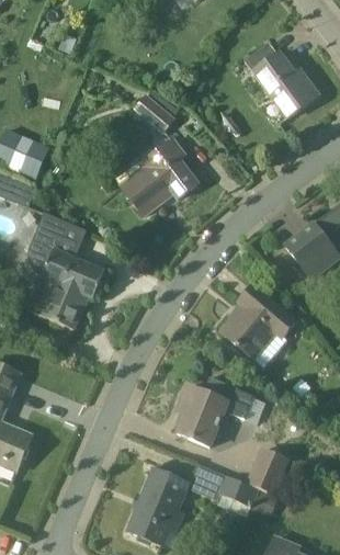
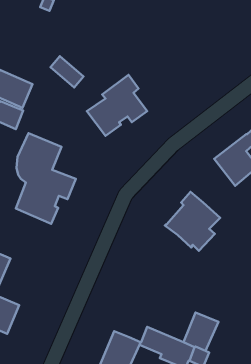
building: [253,52,319,117] -> none
building: [133,92,175,133] -> [50,56,84,87]
building: [178,376,264,445] -> none

